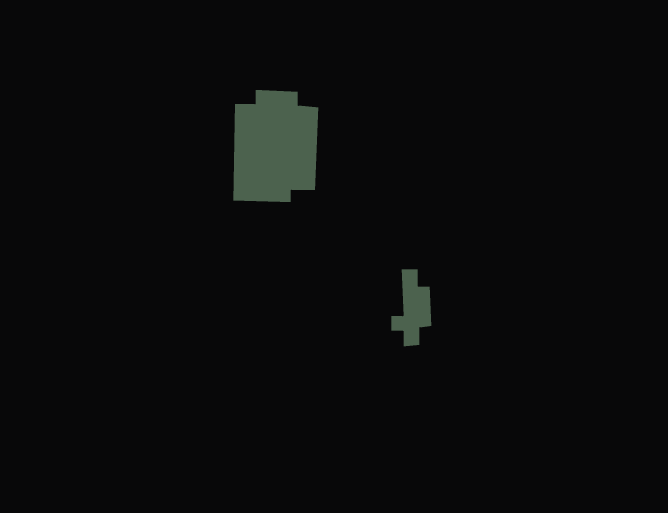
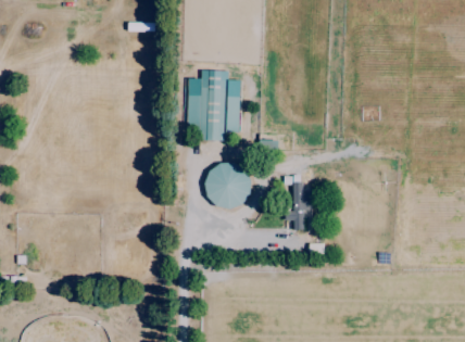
building: none -> [203,162,255,211]

